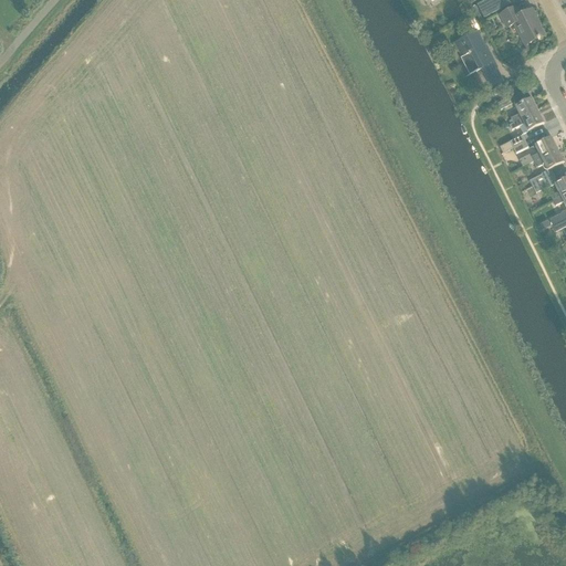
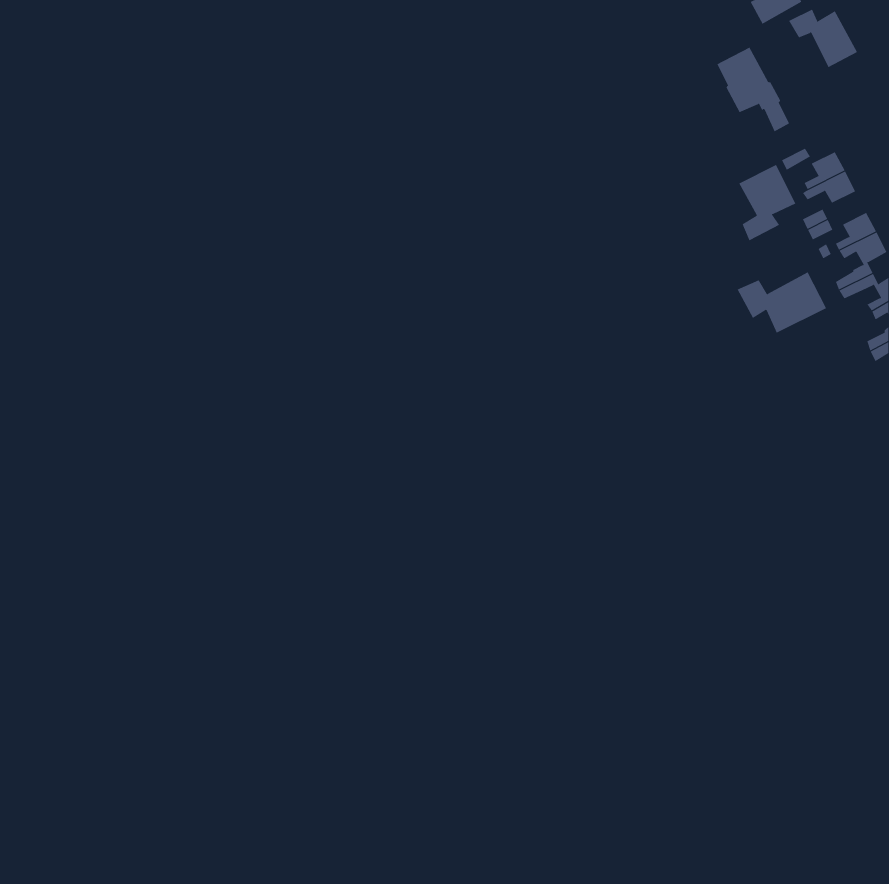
building: none -> [738,164,796,241]
building: none -> [737,272,827,334]

